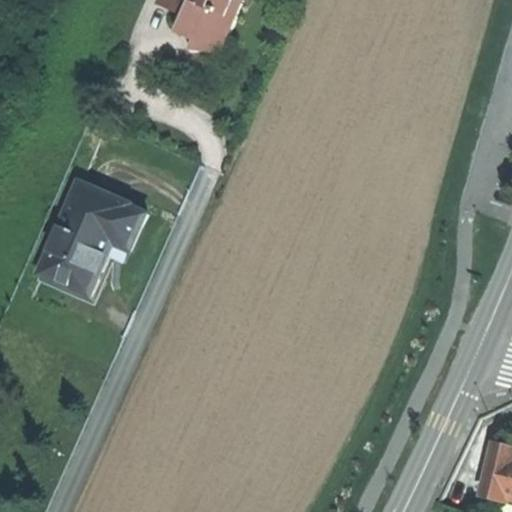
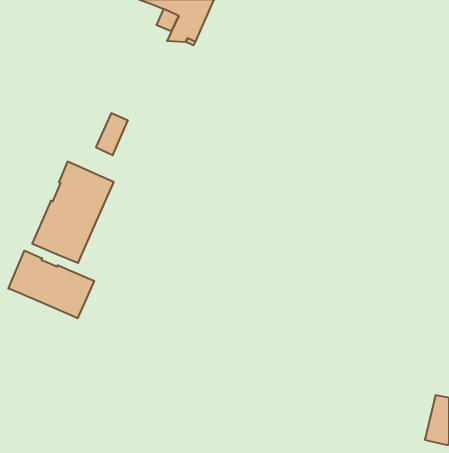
building: [111,205,147,252] -> [96,113,128,155]
building: none -> [8,251,94,318]

